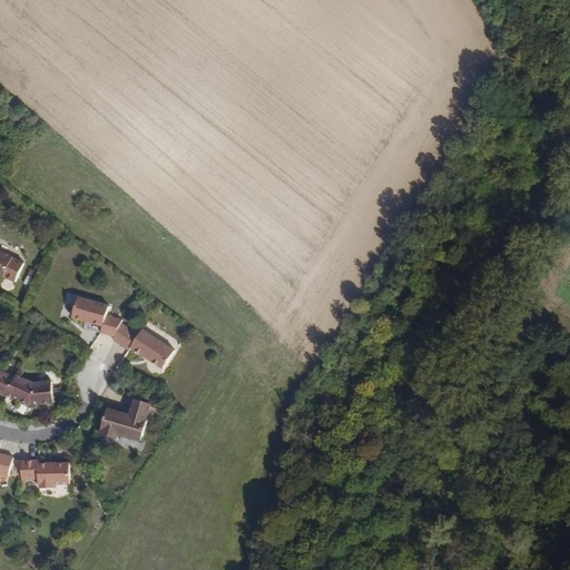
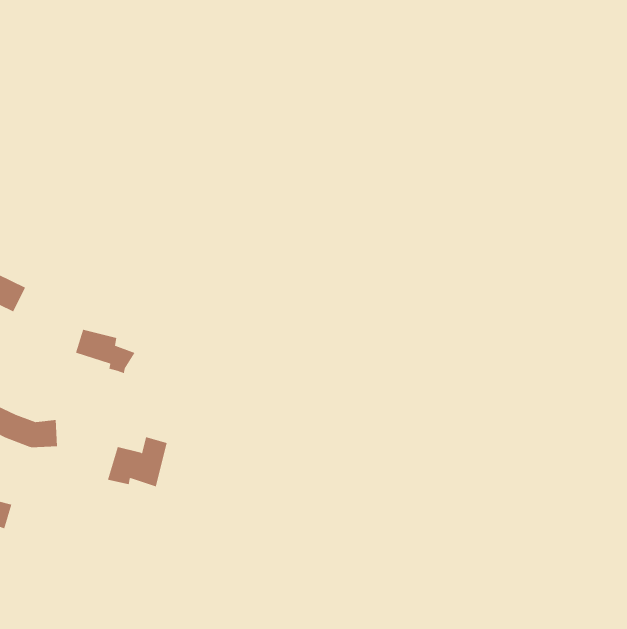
building: [111,322,174,368] -> none
building: [19,459,69,488] -> none

